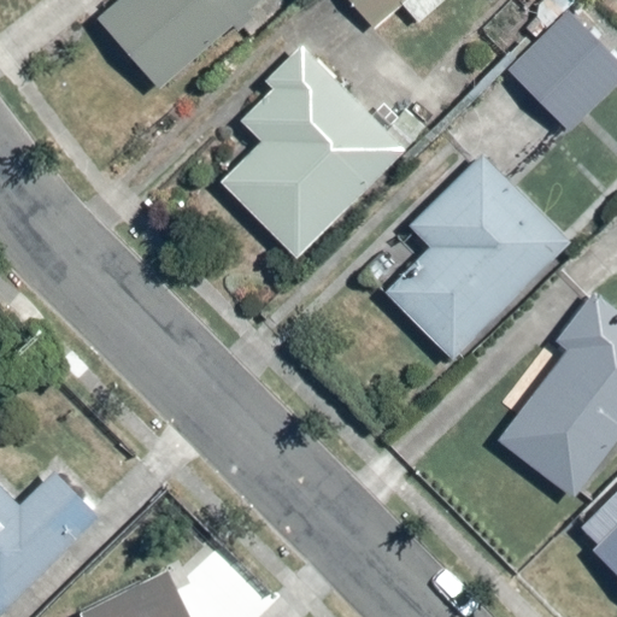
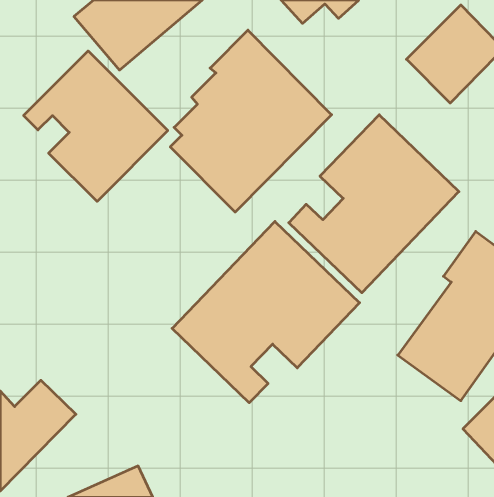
building: none -> [24,51,168,201]
building: none -> [172,221,360,403]

